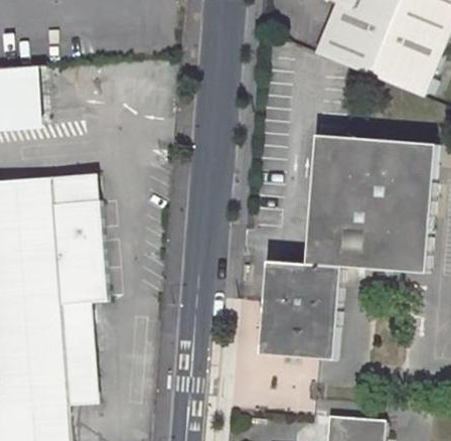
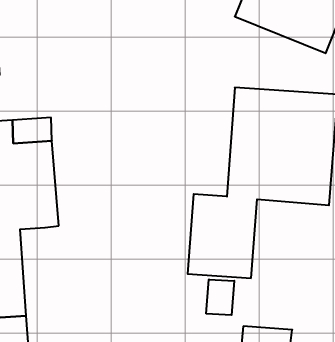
building: [62,300,100,404] -> none
building: none -> [206,279,234,315]

